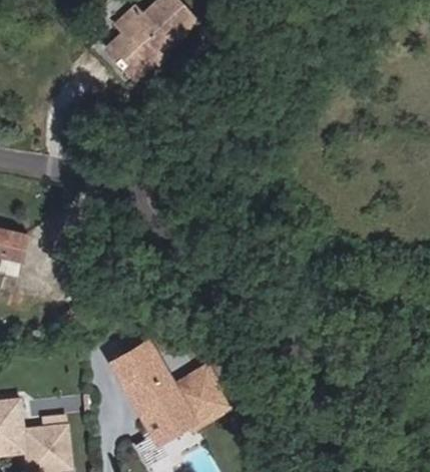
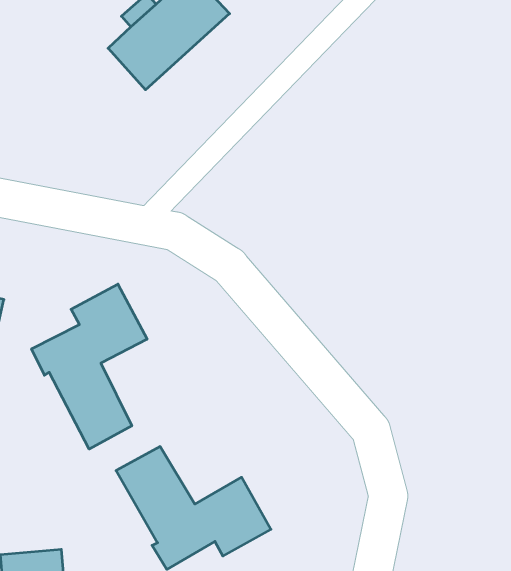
building: none -> [32,284,147,449]

